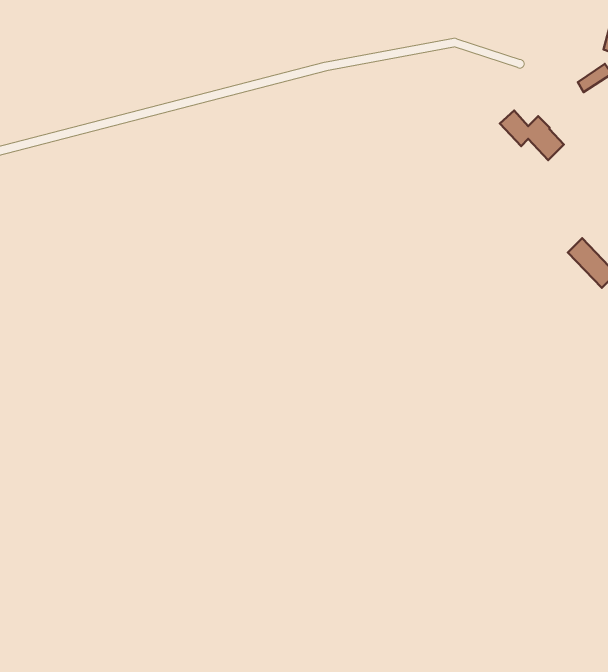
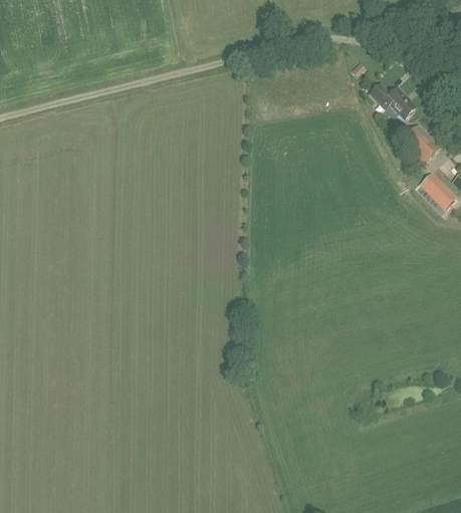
building: none -> [402,124,441,163]

